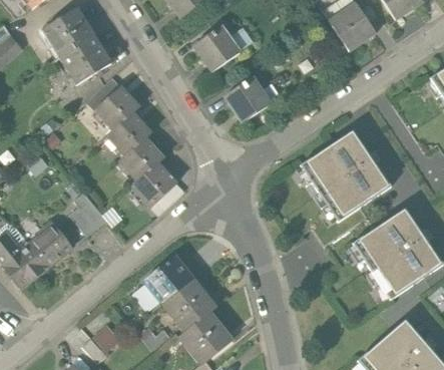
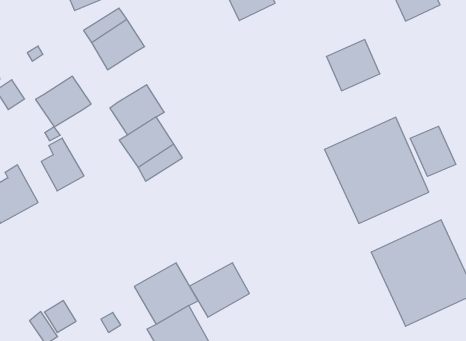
building: [225,77,271,122] -> [326,40,380,91]
building: [105,110,151,154] -> [36,76,91,127]
building: none -> [410,126,456,176]
building: [143,256,193,304] -> [190,263,249,317]

